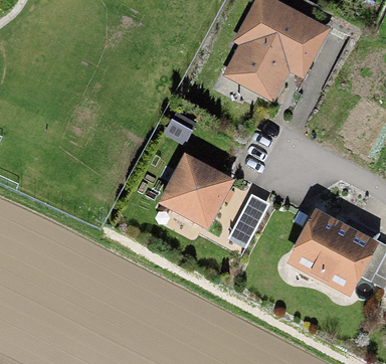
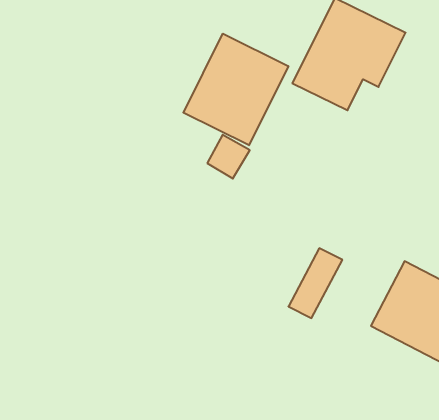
building: none -> [183,34,288,145]
building: [164,162,227,225] -> none

